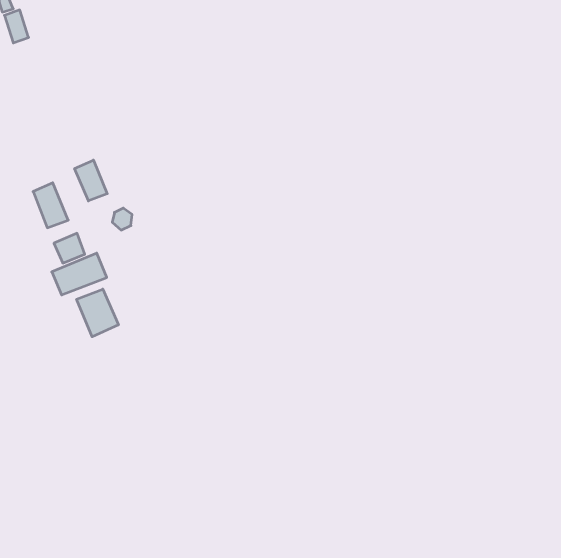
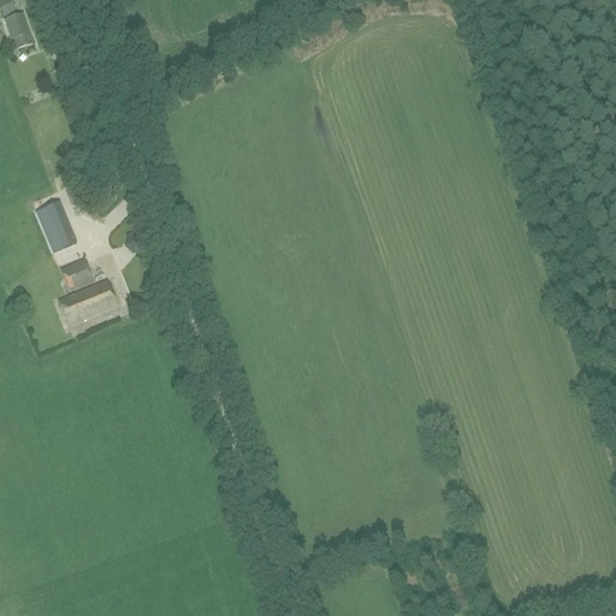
building: [75,160,107,201] -> none
building: [77,289,118,337] -> none

